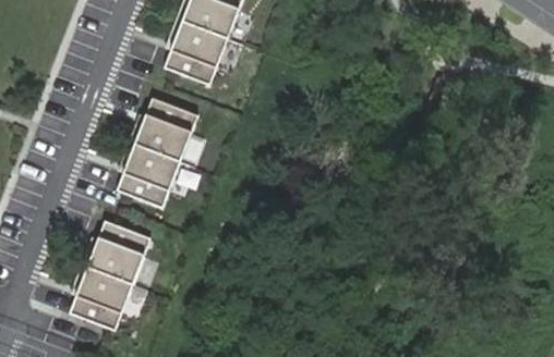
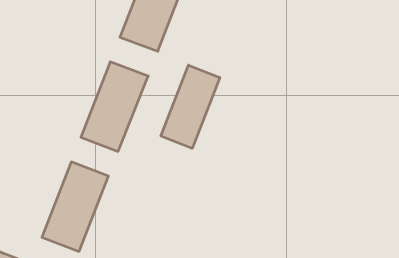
building: none -> [161,65,220,148]

